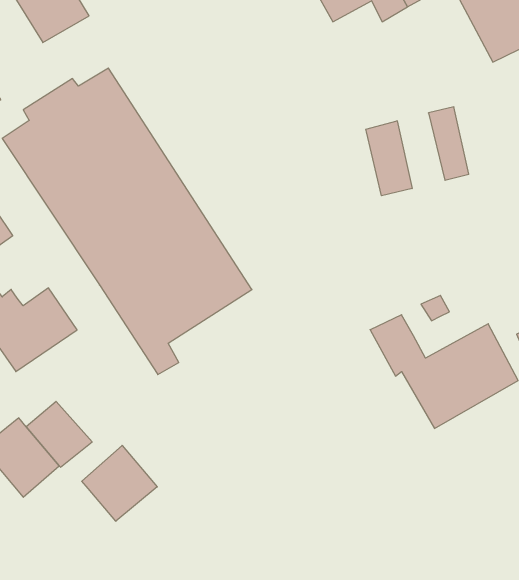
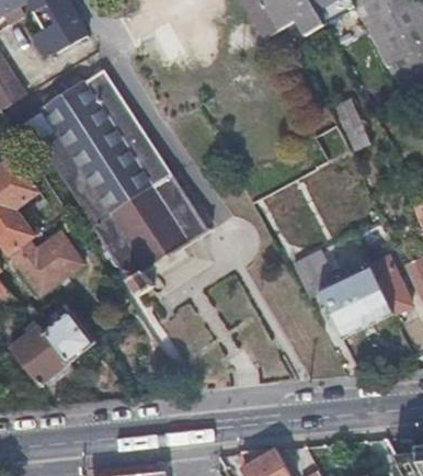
building: [366,121,412,196] -> none
building: [82,445,157,521] -> none

